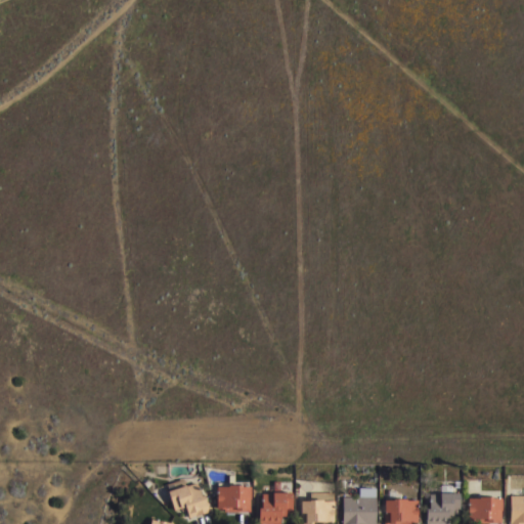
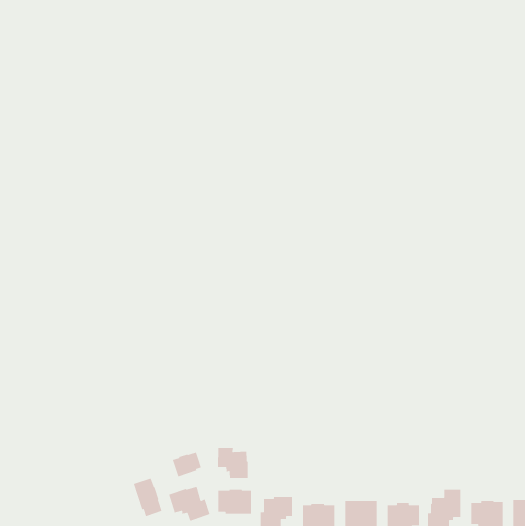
building: none -> [217,447,248,479]
building: none -> [172,451,202,477]
building: none -> [133,477,163,517]

